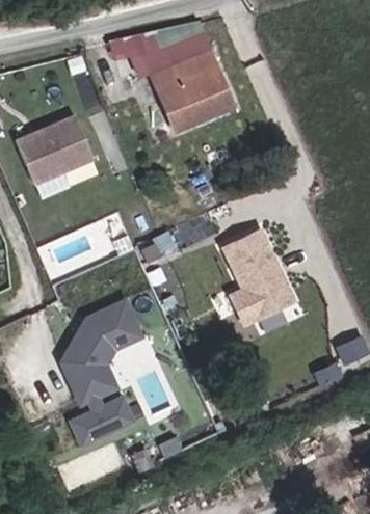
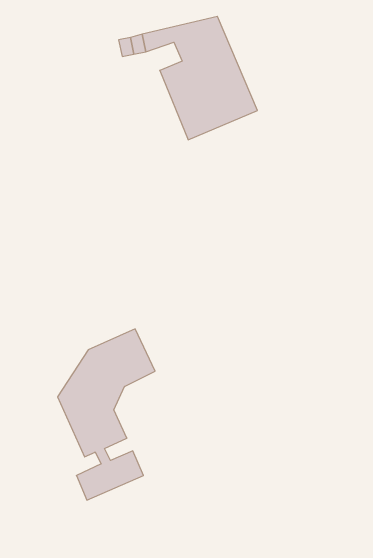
building: [14,118,91,187] -> none
building: [223,229,295,318] -> none

